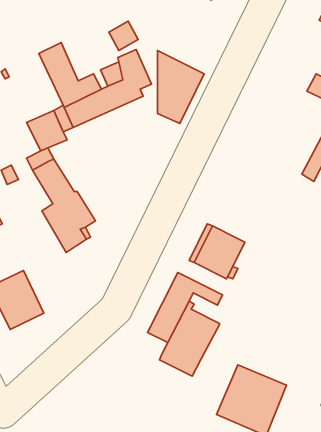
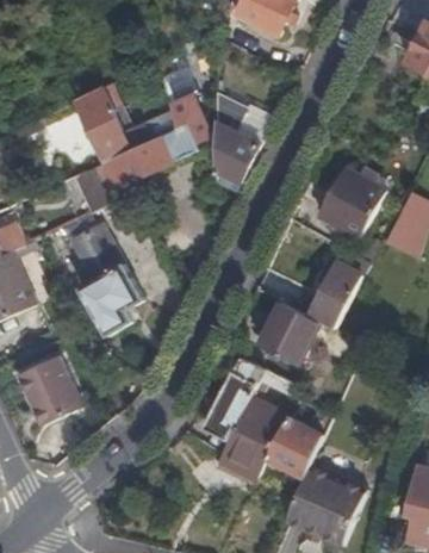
building: none -> [315,164,386,240]
building: none -> [307,246,366,328]
building: none -> [266,417,321,477]

